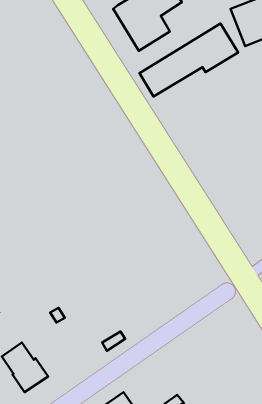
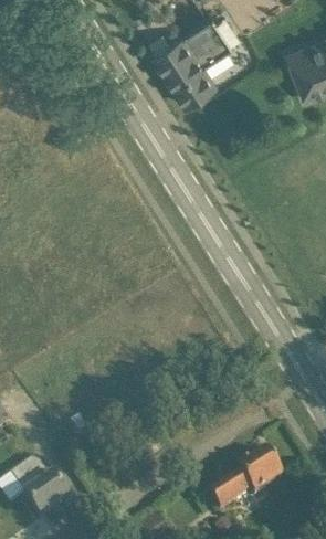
building: [139,24,238,97] -> none
building: none -> [207,455,281,515]

